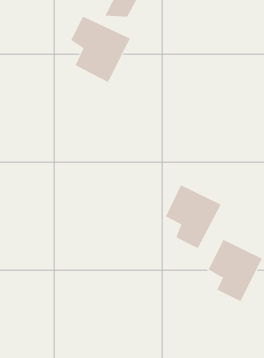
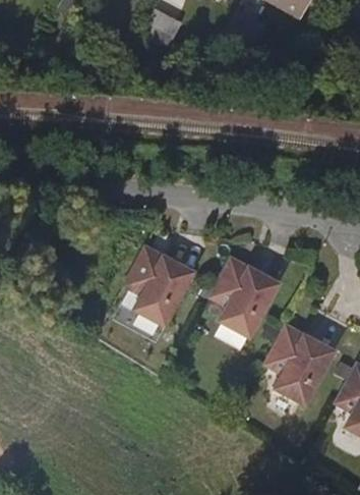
building: [70,16,131,83] -> none
building: none -> [124,245,196,327]

